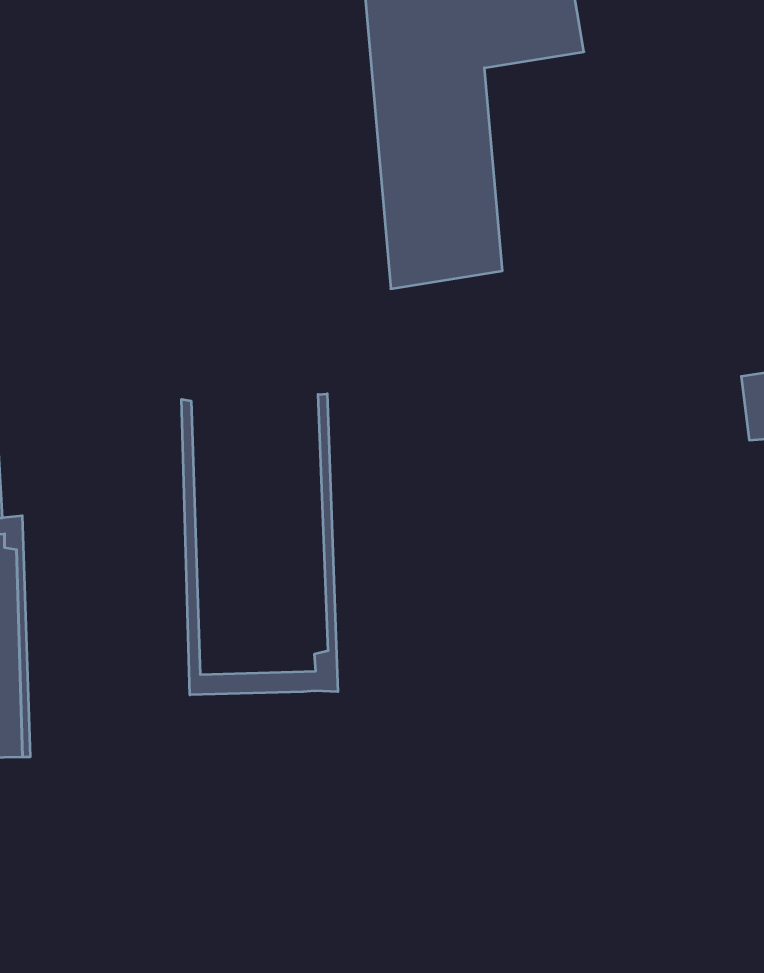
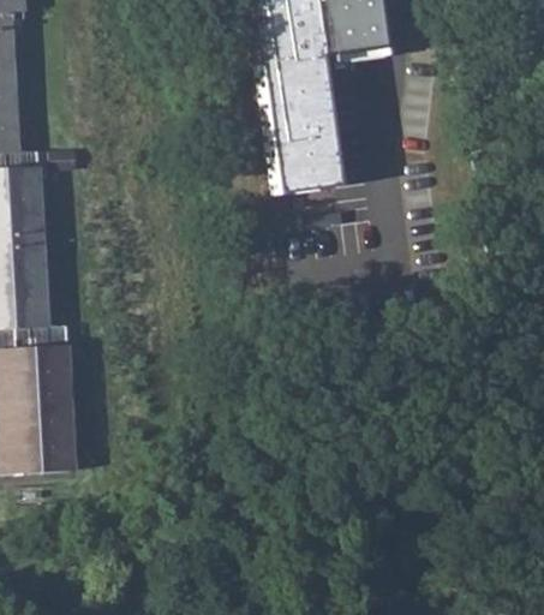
building: [182,394,338,695] -> none

